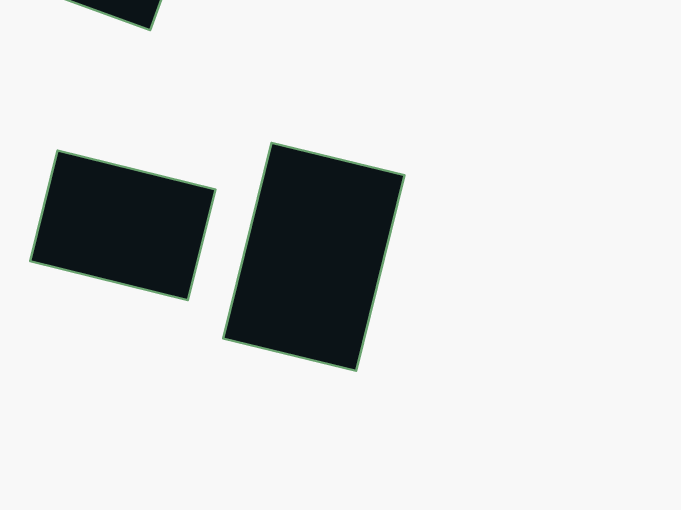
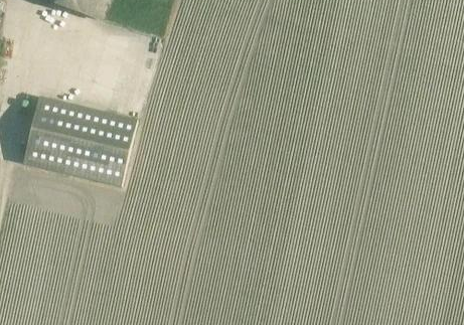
building: [223,143,404,371] -> none

